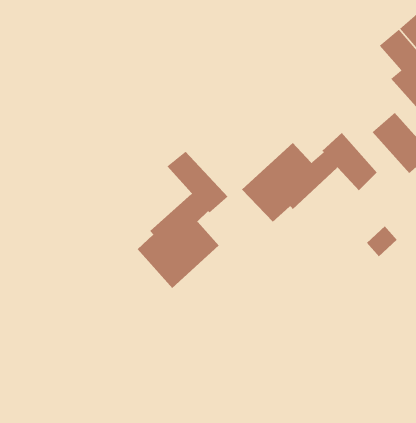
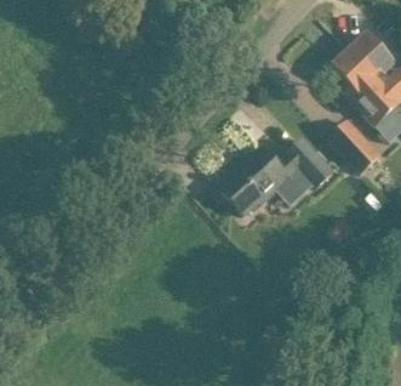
building: [137,151,228,289] -> none

